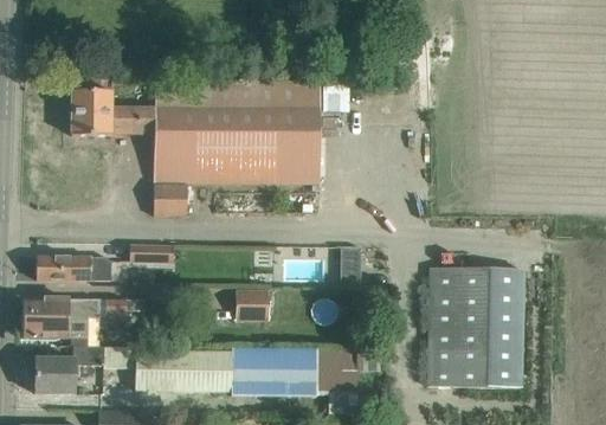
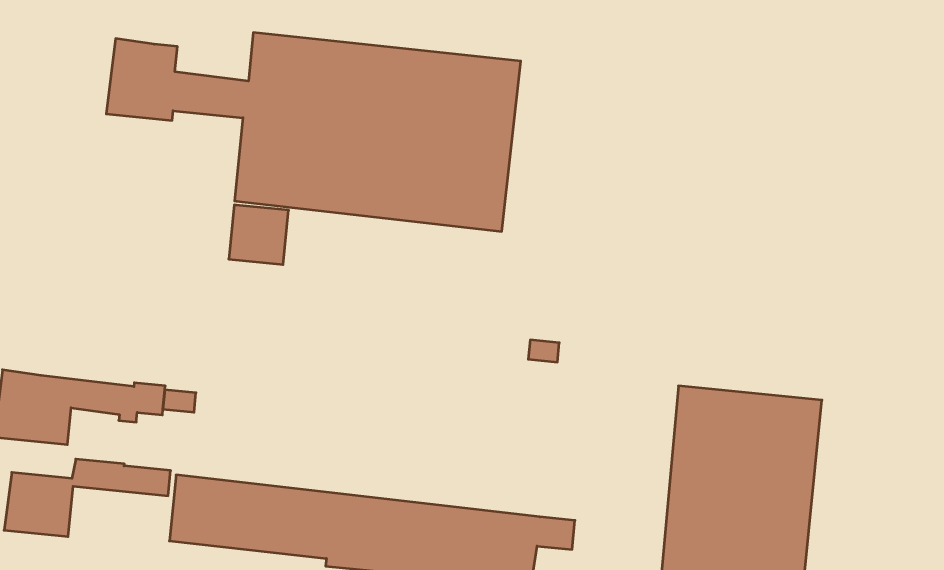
building: [131,243,174,262] -> none
building: [36,255,111,281] -> none
building: [236,290,269,317] -> none

